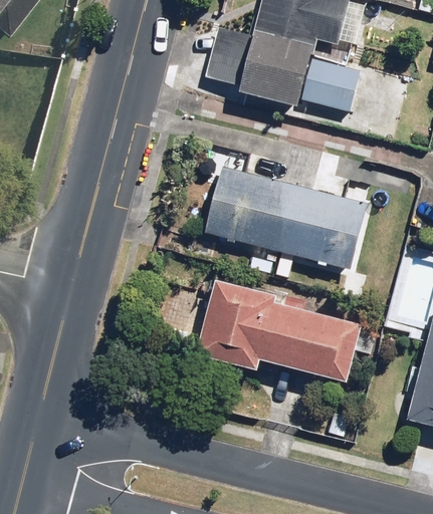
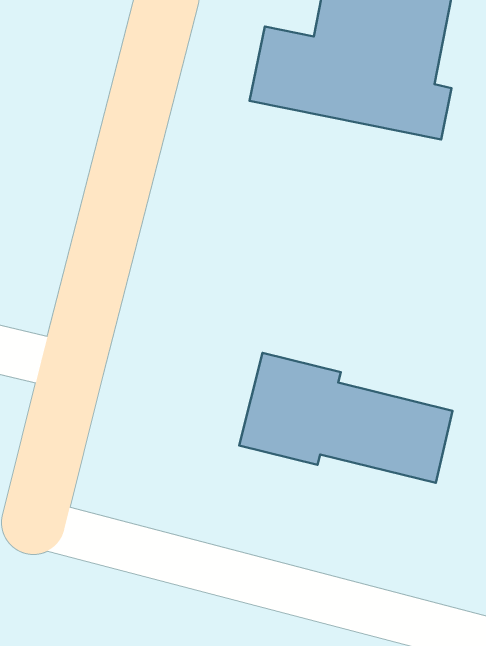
building: [204,168,370,270] -> none

